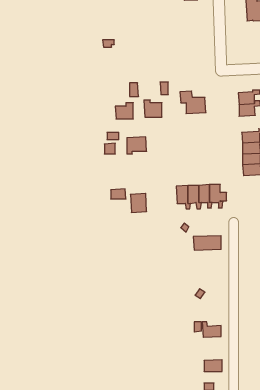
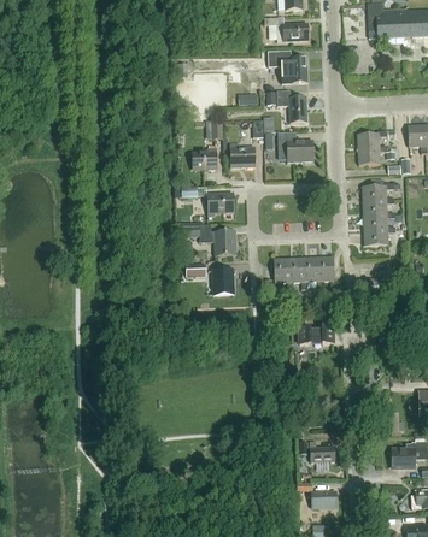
building: none -> [264,17,309,41]
building: none -> [268,51,307,83]
building: none -> [276,89,307,123]
building: none -> [182,225,236,255]

